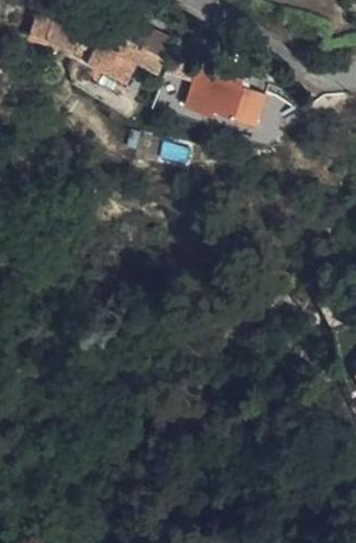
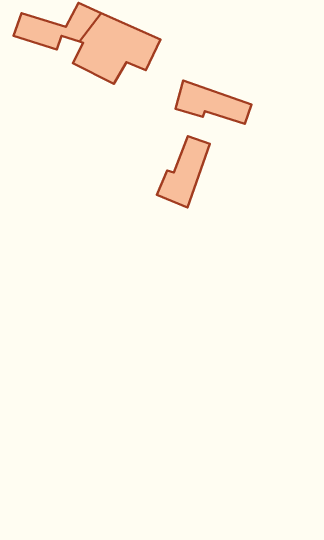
building: none -> [157,136,210,207]

